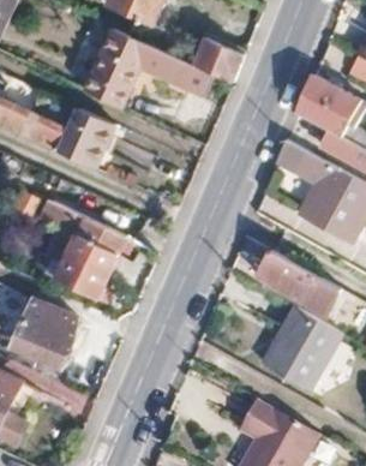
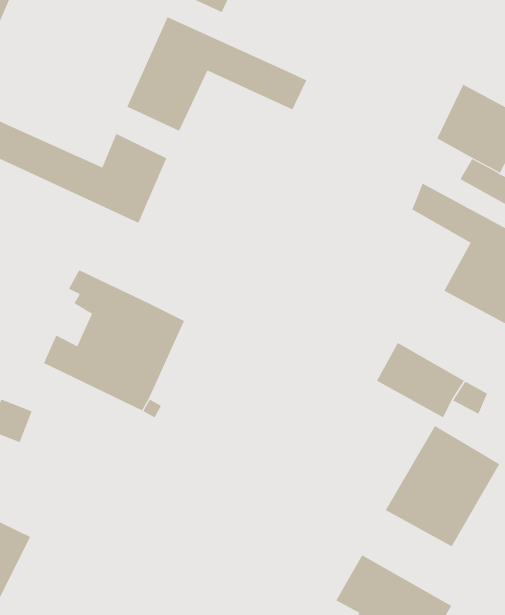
building: [193,37,244,83] -> none
building: [13,300,78,368] -> none

